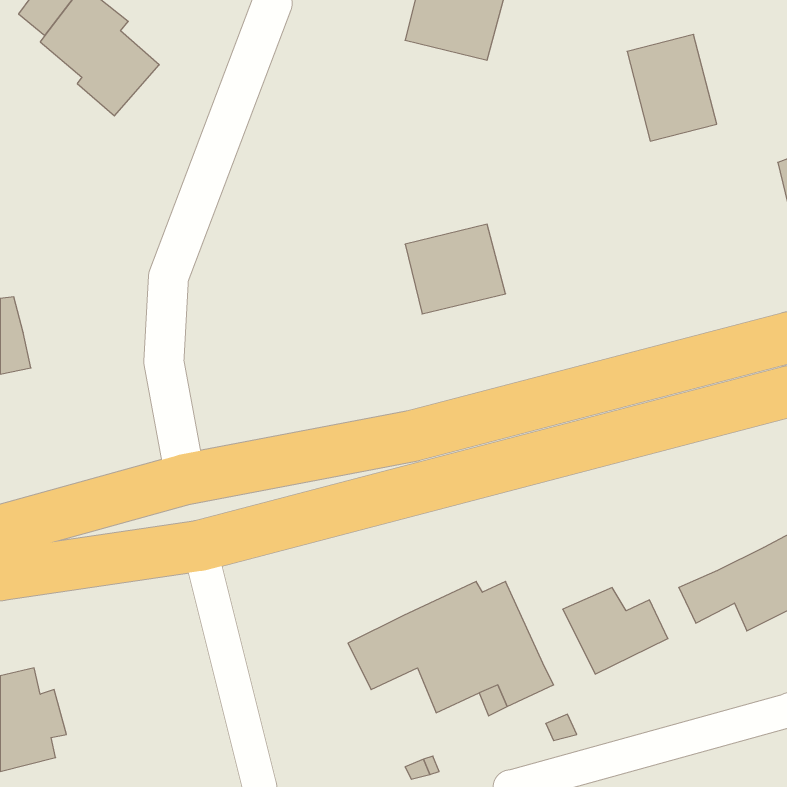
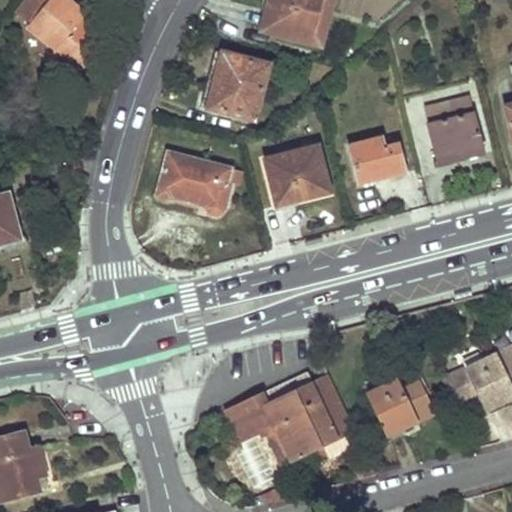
building: [627,34,717,141] -> [424,94,482,163]
building: none -> [207,53,268,118]
building: none -> [350,136,404,182]
building: none -> [156,151,232,214]

